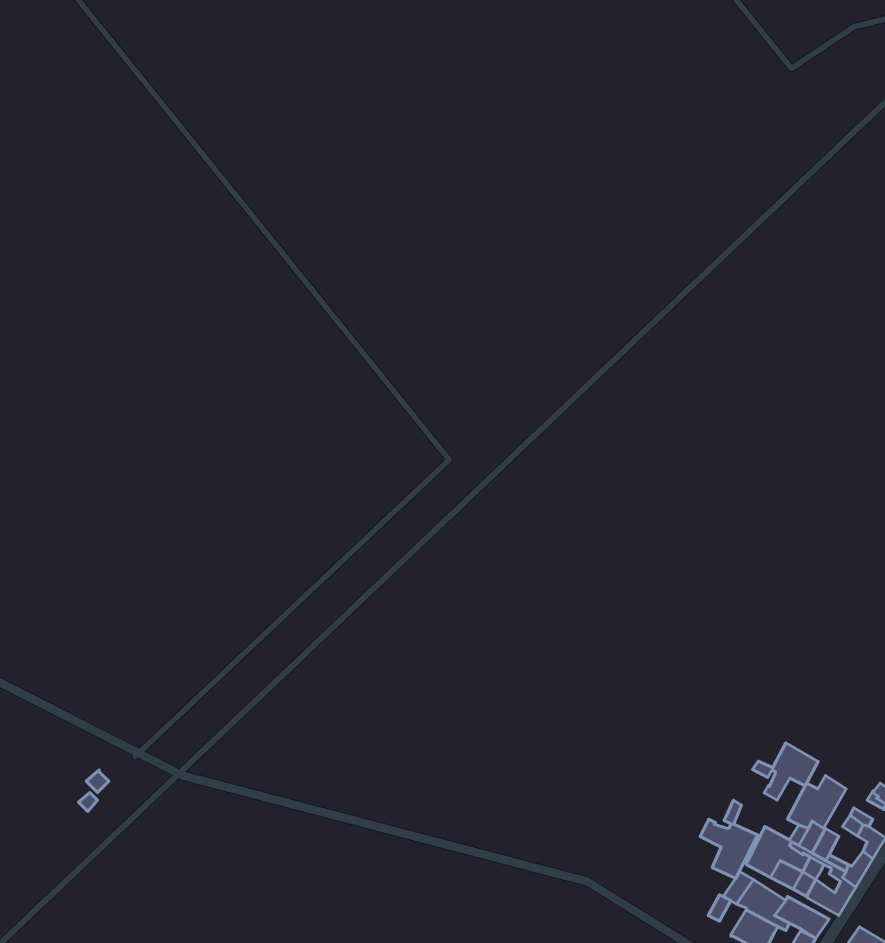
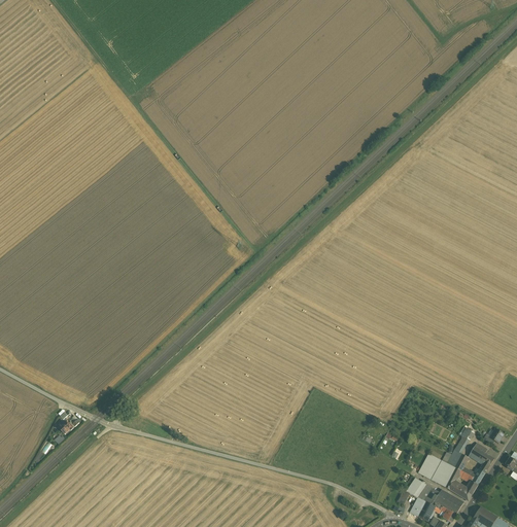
building: [753,743,818,800] -> none
building: [700,800,758,878] -> none

